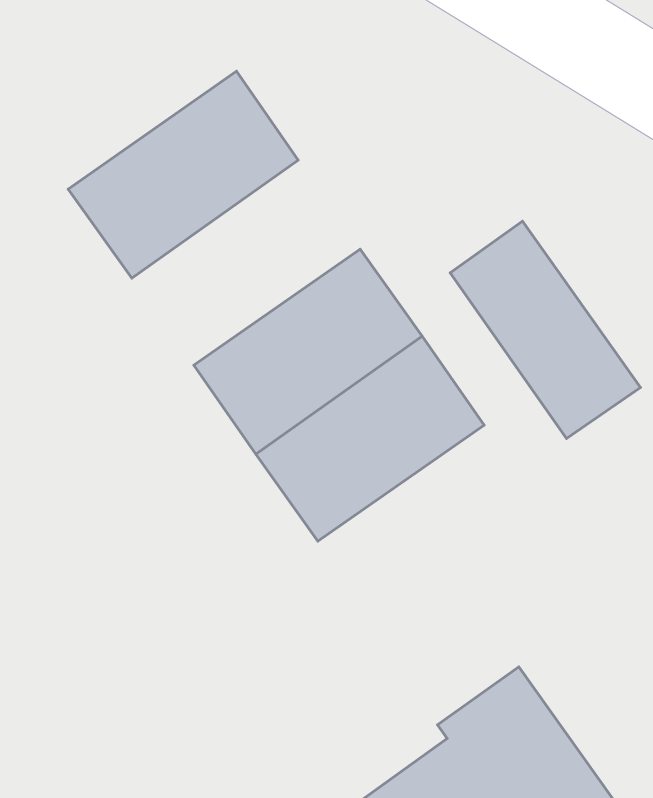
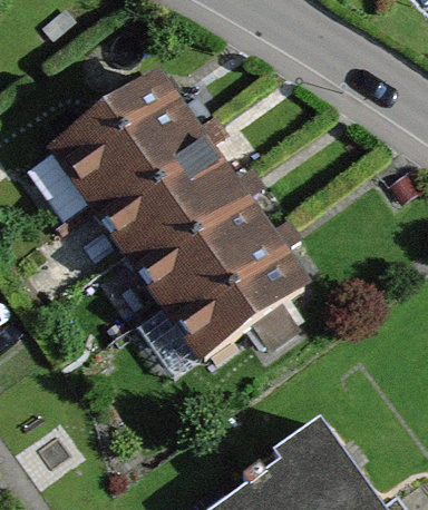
building: none -> [98,131,230,249]
building: [450,221,640,438] -> none

